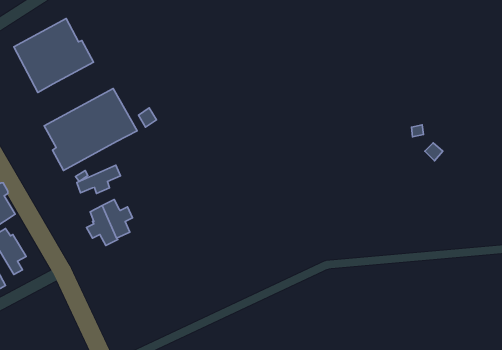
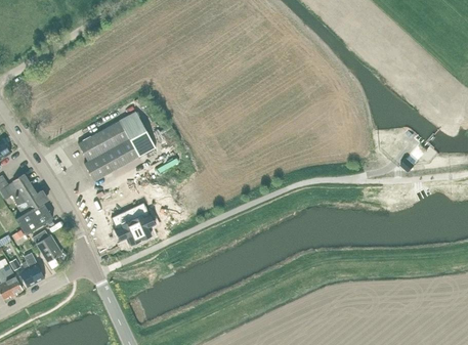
building: [14,19,94,92] -> none
building: [77,165,120,194] -> none

